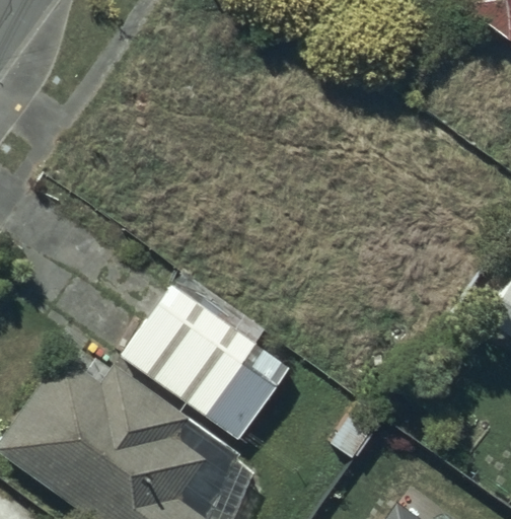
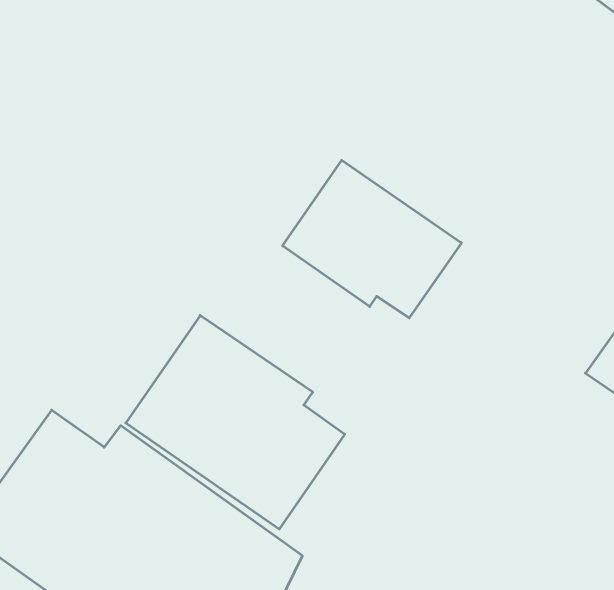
building: none -> [283,160,461,318]

